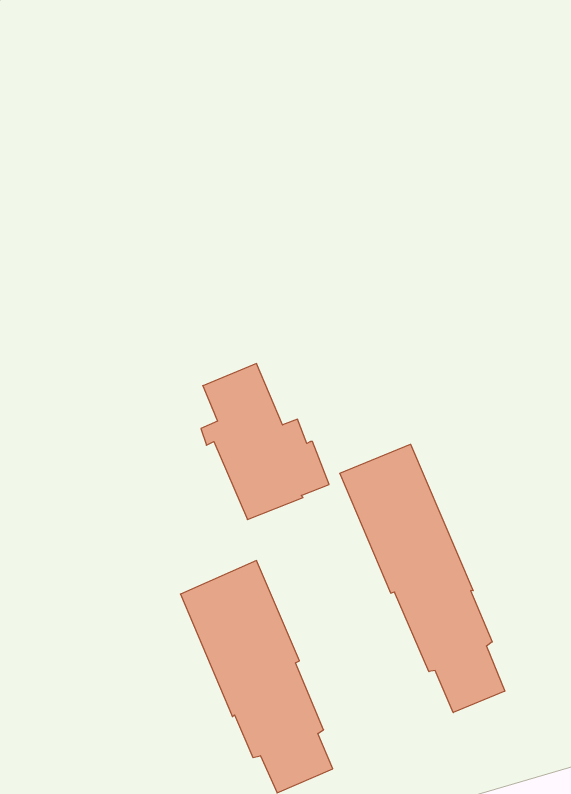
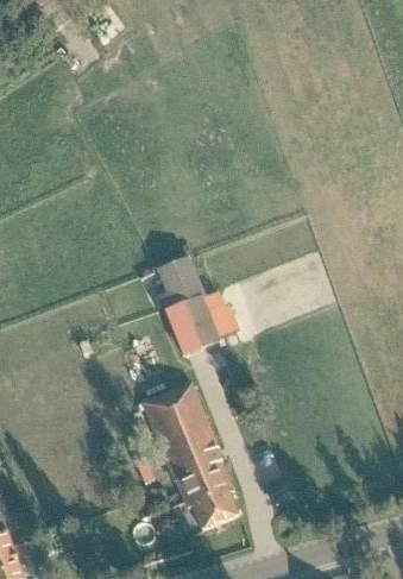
building: [340,444,505,713] -> none

